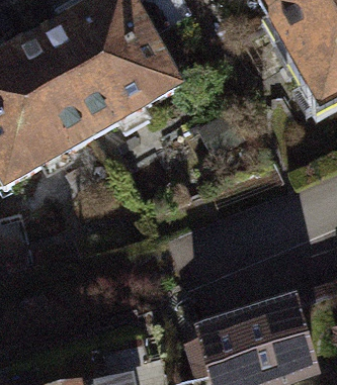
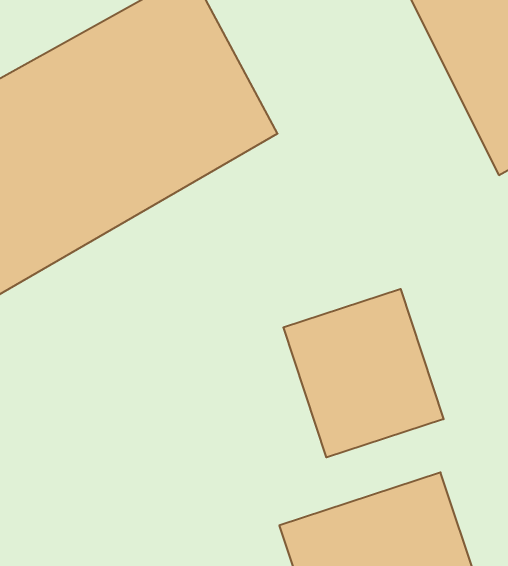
building: none -> [283,289,444,457]

